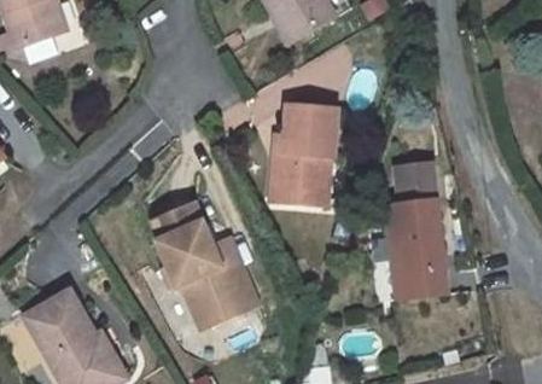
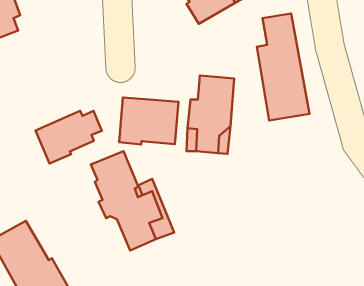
building: none -> [119,98,178,145]
building: none -> [35,111,102,164]
building: [380,170,447,306] -> [257,13,309,121]

